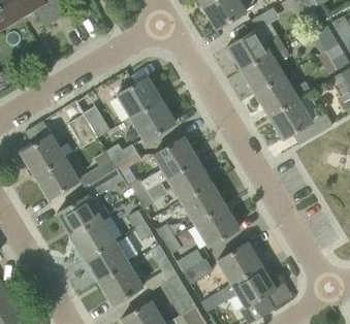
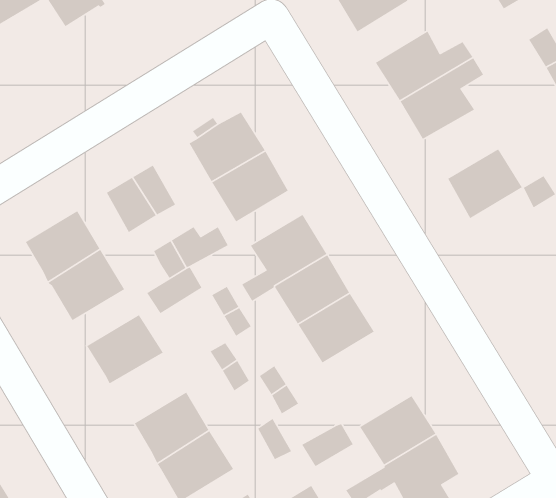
building: [254,75,312,116] -> none
building: [195,205,240,247] -> none
building: [70,218,116,259] -> none

